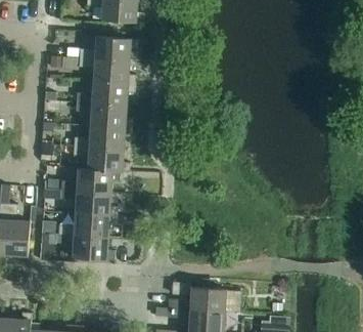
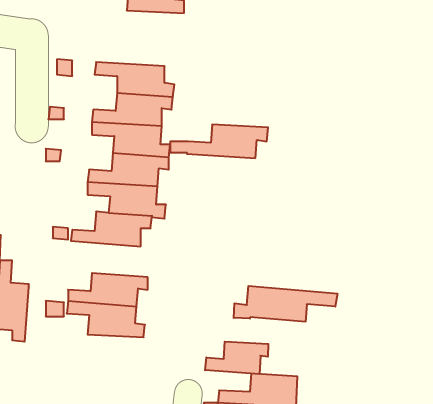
building: [66,37,138,61] -> [170,125,268,158]
building: [60,190,118,216] -> none
building: none -> [234,286,337,322]
building: none -> [205,342,268,374]

